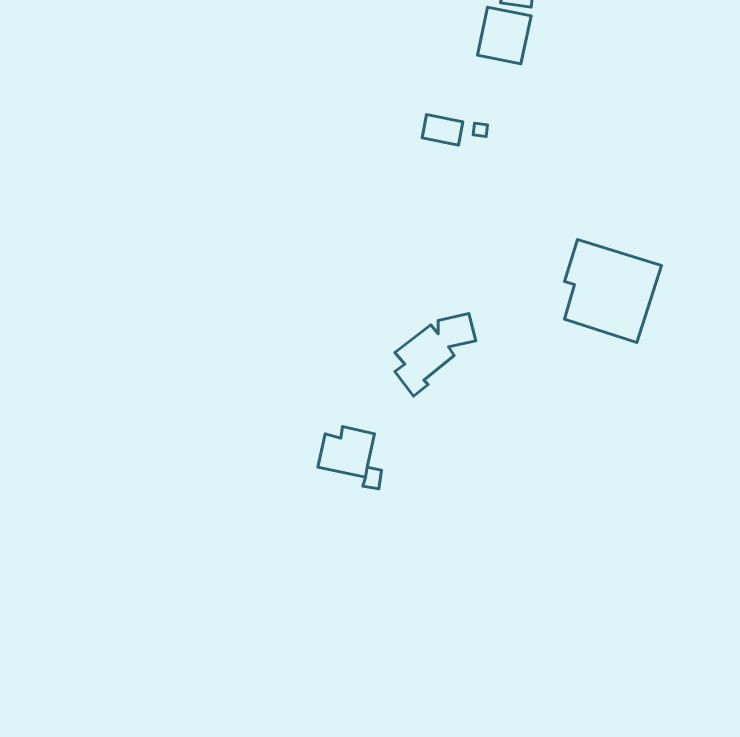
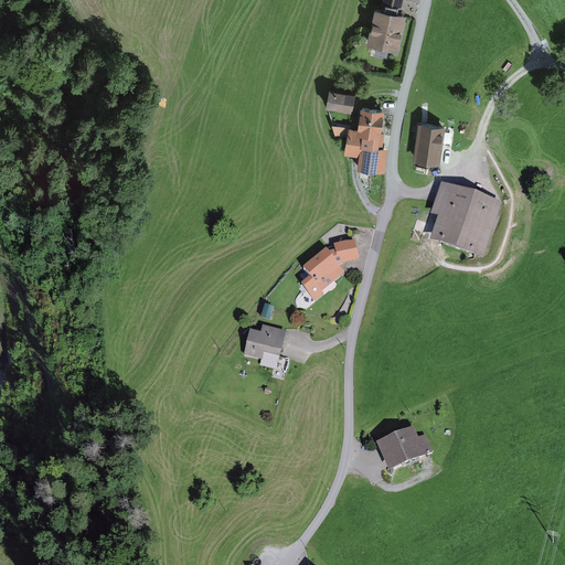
building: none -> [331,105,390,171]
building: none -> [412,120,445,163]
building: none -> [374,424,436,472]

